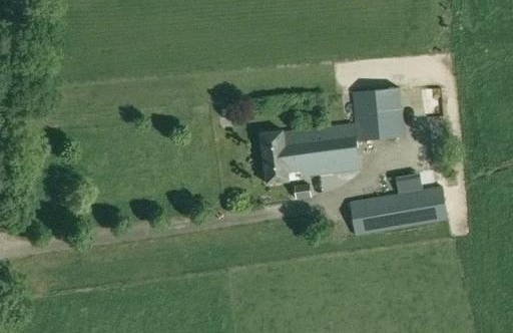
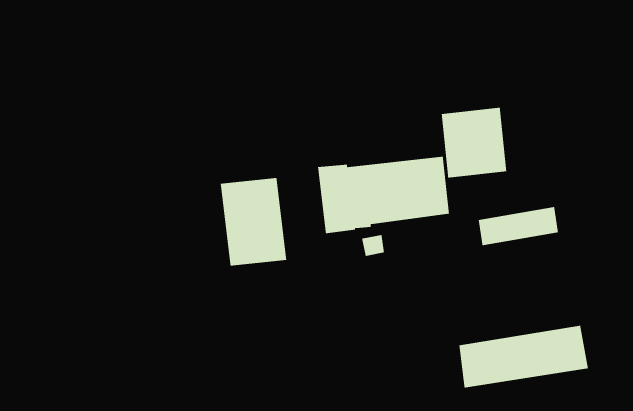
building: none -> [220,177,287,267]
building: [350,187,448,235] -> [459,325,589,389]

